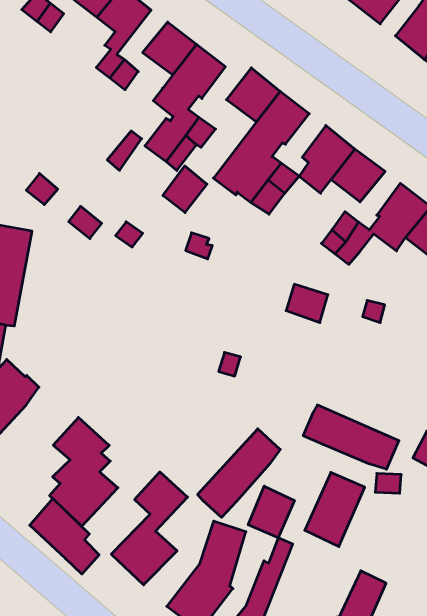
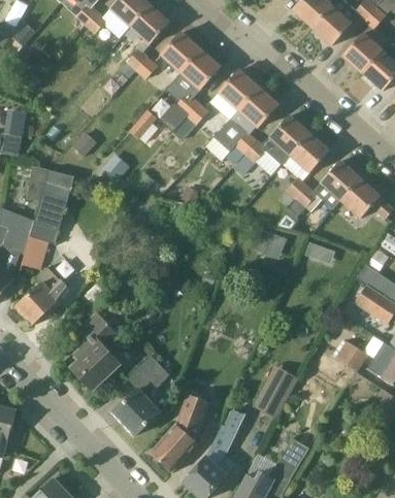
building: [163,166,207,213] -> none
building: [303,405,399,469] -> none
building: [198,429,280,517] -> none
building: [248,486,294,538] -> none
building: [30,499,99,574] -> none

